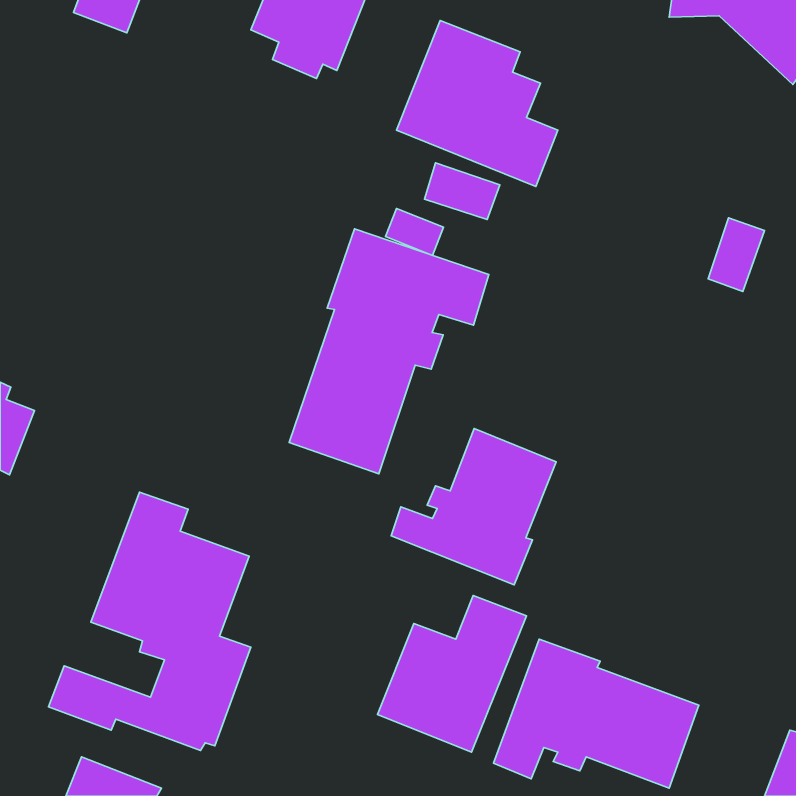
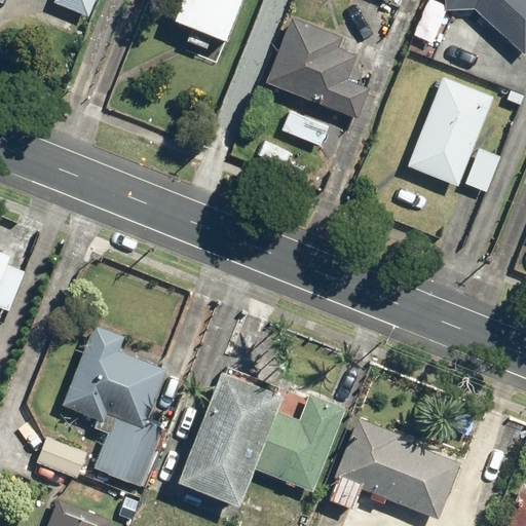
building: none -> [407,74,493,187]
building: [289,229,489,474] -> none
building: [391,428,556,585] -> none
building: none -> [175,368,281,509]

